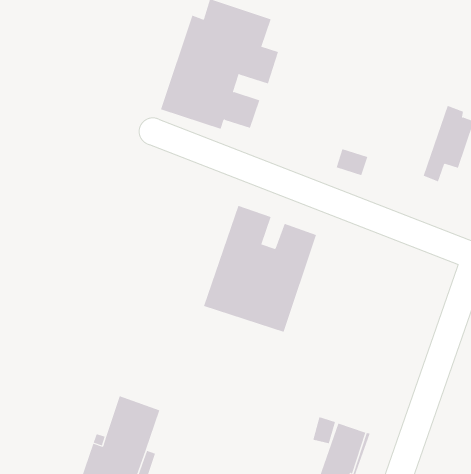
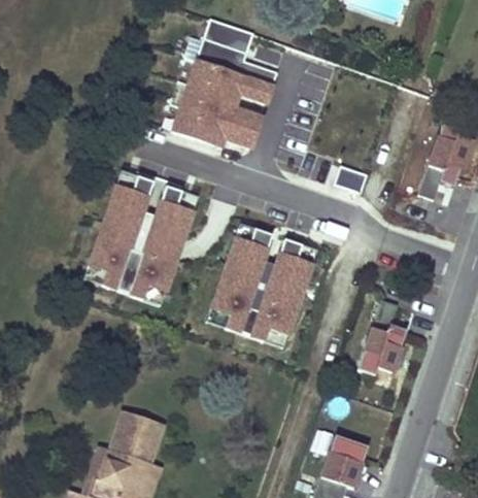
building: none -> [84,171,199,305]
building: none -> [360,300,407,375]

